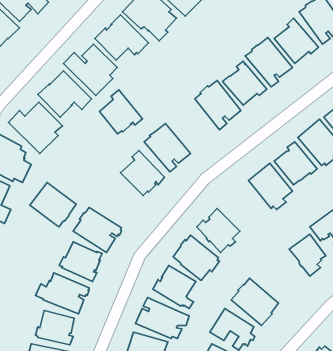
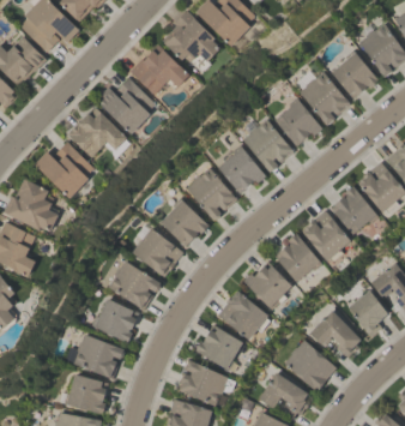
building: [99,90,142,134] -> [218,143,266,192]
building: [30,183,76,227] -> [132,227,183,276]
building: none -> [274,233,322,282]
building: none -> [309,310,362,356]

